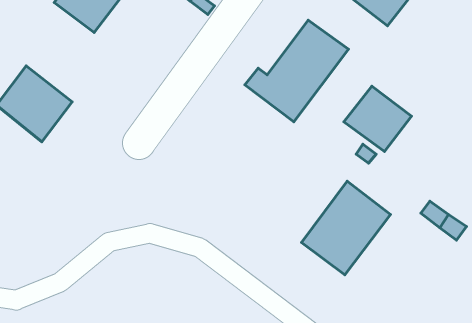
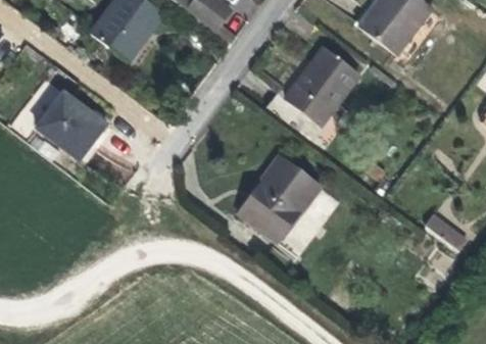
building: [344,86,411,151] -> none
building: [301,181,391,275] -> [239,155,321,241]

